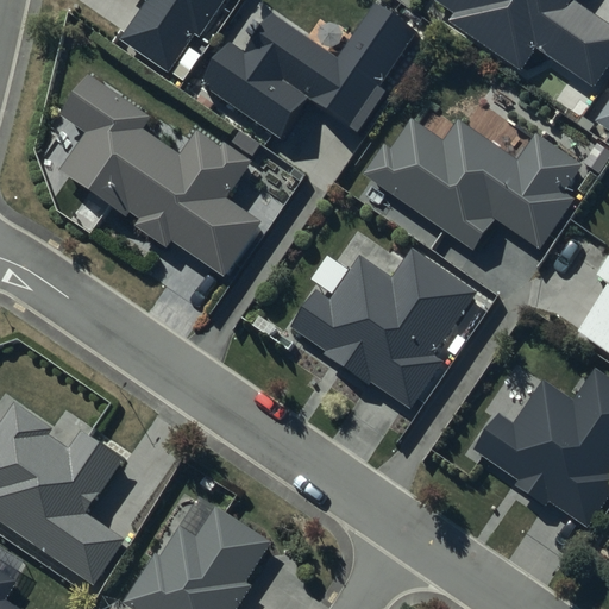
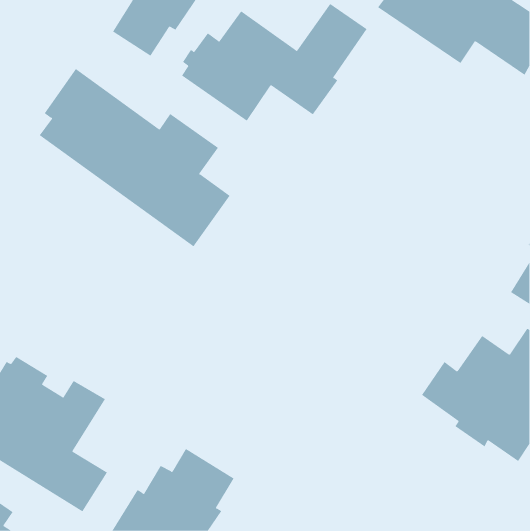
building: [364,119,585,252] -> none
building: [288,249,476,404] -> none

